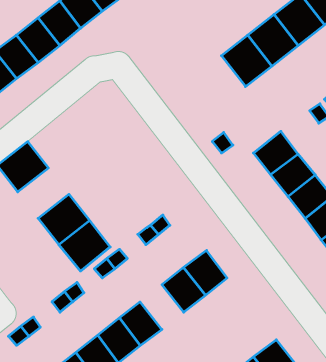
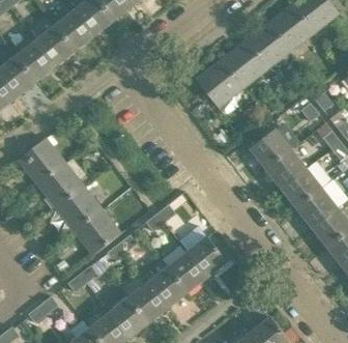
building: none -> [196,60,242,108]
building: none -> [36,162,83,207]
building: none -> [147,267,186,308]

